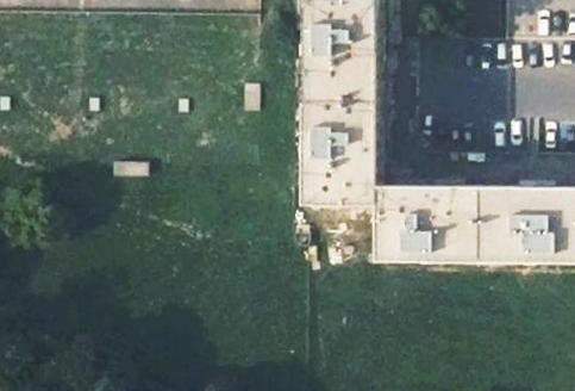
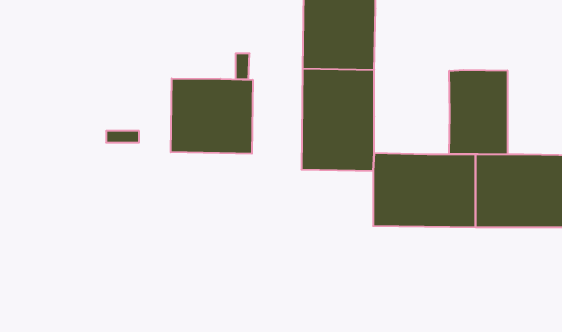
building: none -> [449,70,507,154]
building: none -> [171,78,253,154]

